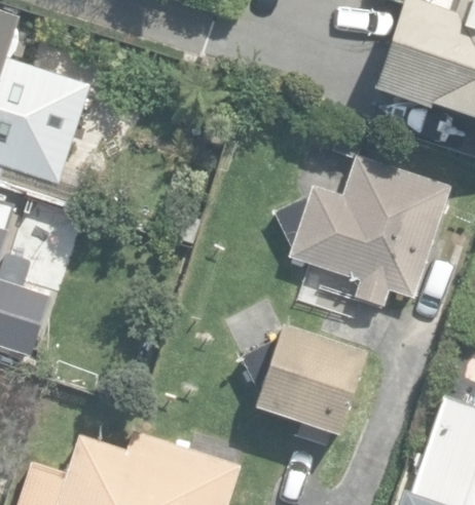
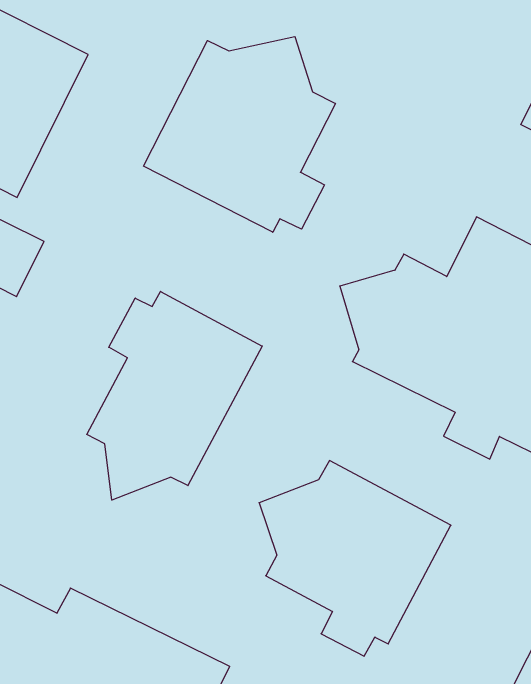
building: none -> [144,37,335,232]
building: none -> [87,291,262,500]

